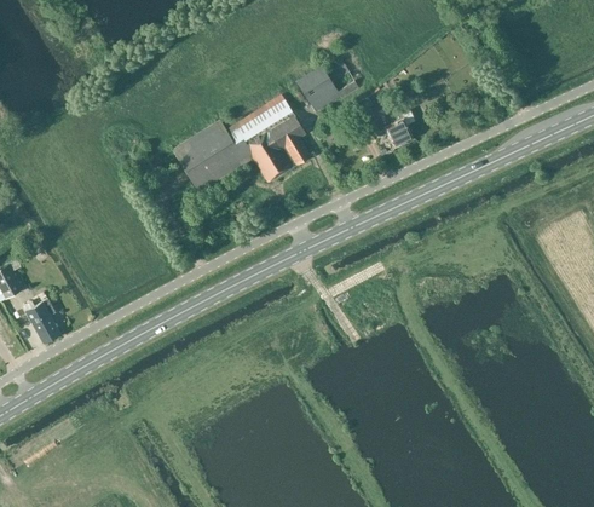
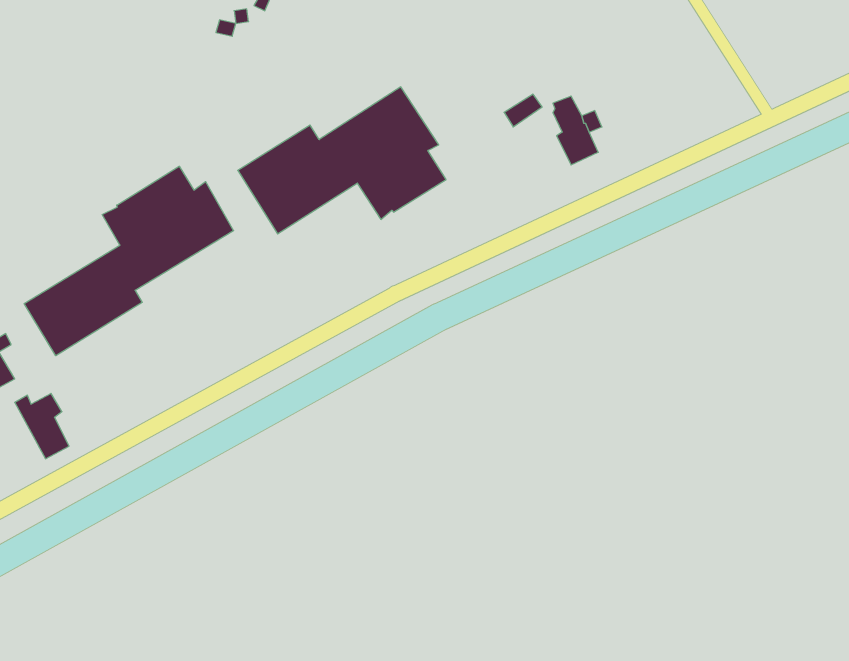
building: [295,59,358,113] -> none
building: none -> [24,166,234,356]

